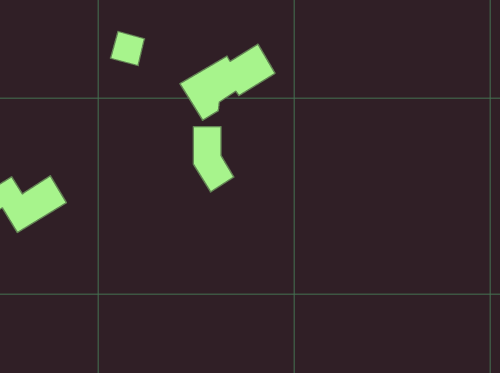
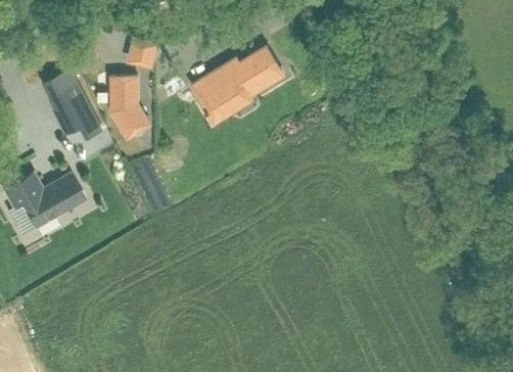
building: none -> [42,72,94,135]
building: [193,127,234,192] -> [112,77,151,139]

